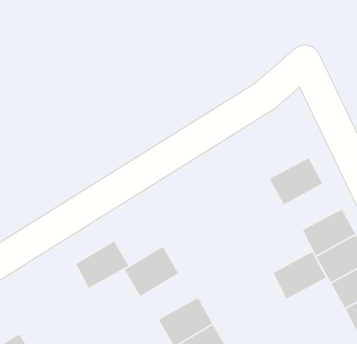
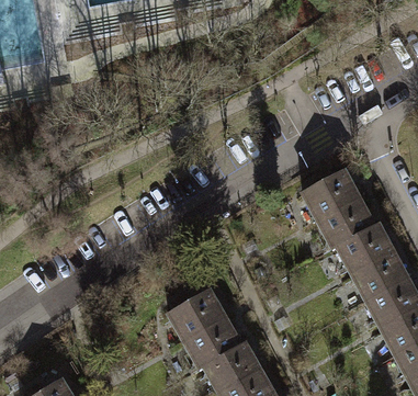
building: none -> [303,170,360,220]
building: [75,240,129,290] -> [185,318,241,369]
building: [272,251,327,299] -> [338,224,394,273]

